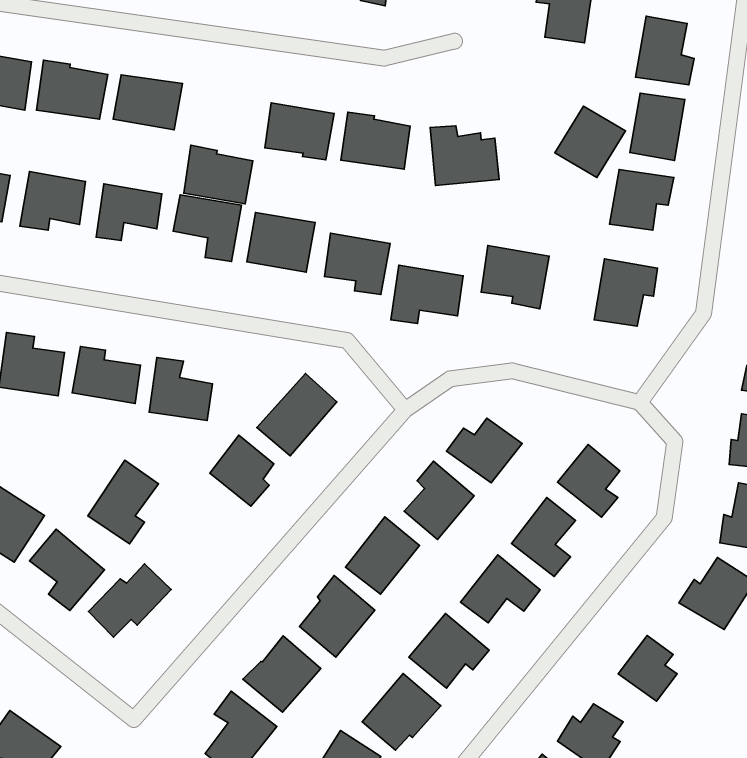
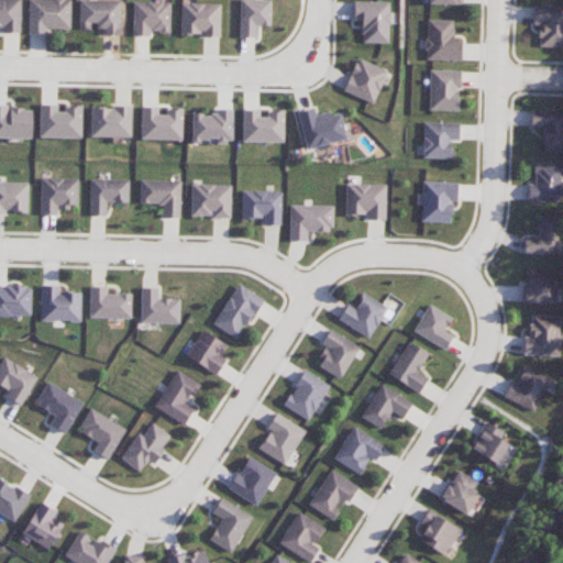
building: [555,106,626,177] -> [343,58,387,103]
building: [184,145,253,204] -> [141,107,183,140]
building: [88,460,159,544] -> [155,369,198,423]

